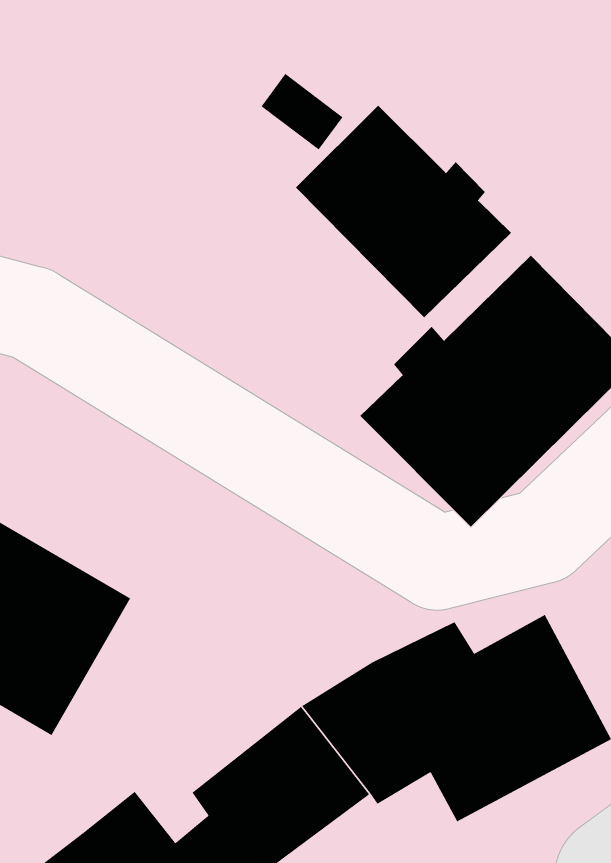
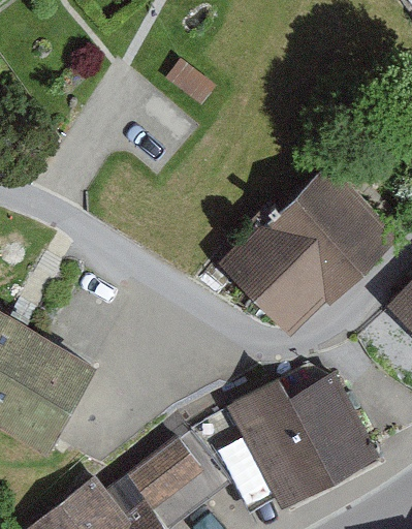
building: [295,105,512,318] -> none

